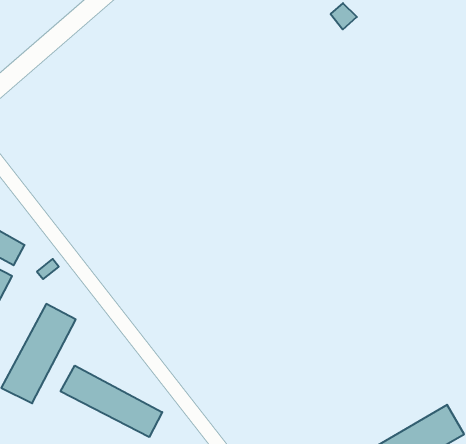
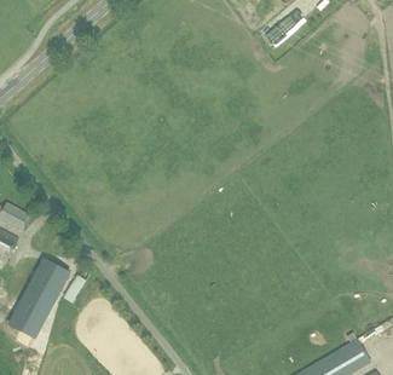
building: [61,366,162,437] -> none

